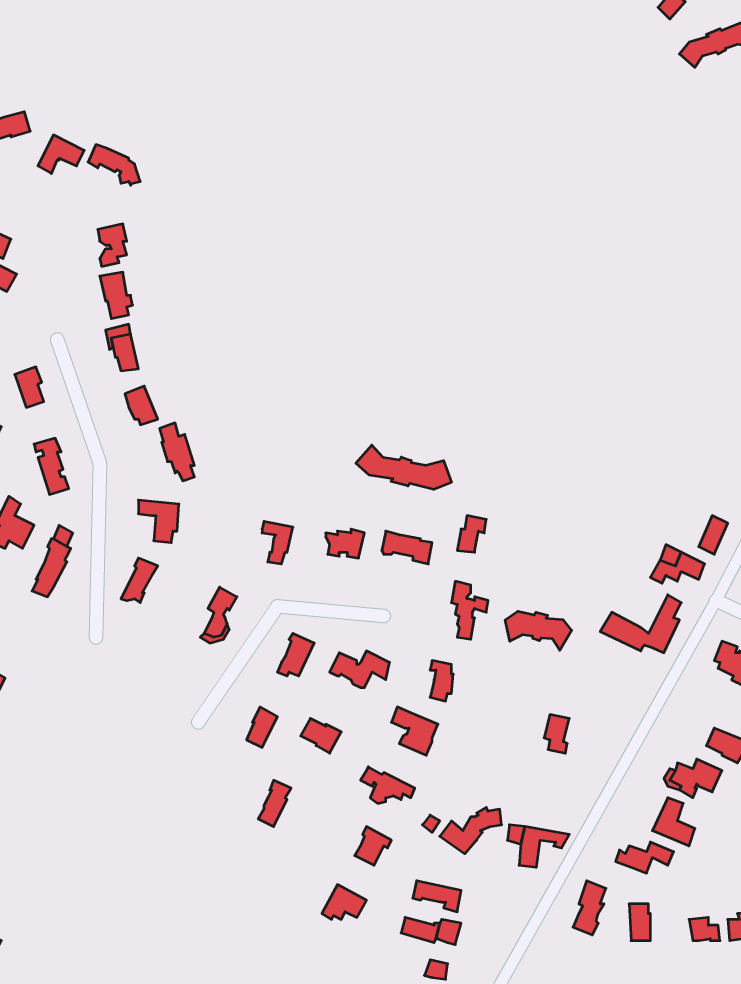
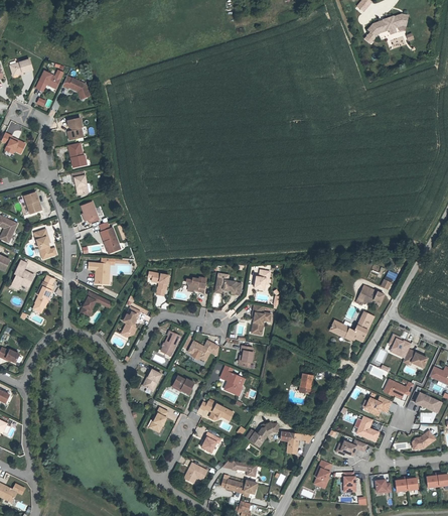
building: [356,445,451,489] -> none
building: [505,611,572,650] -> none

